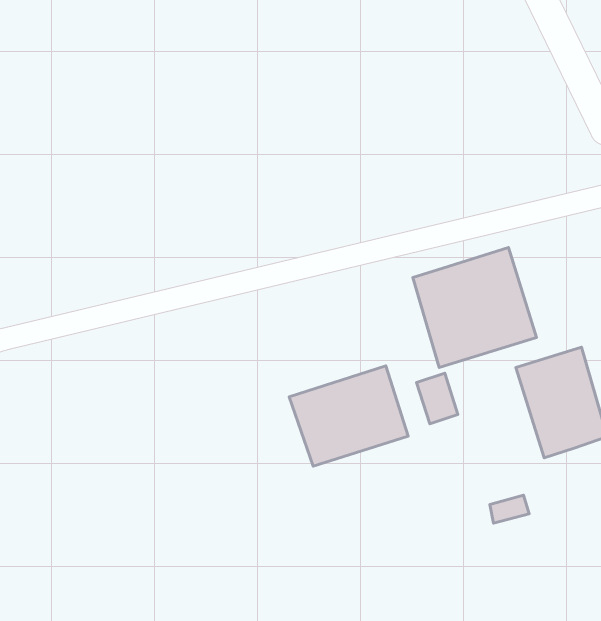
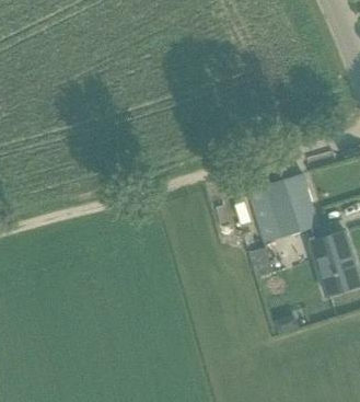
building: [289,366,408,466] -> none

